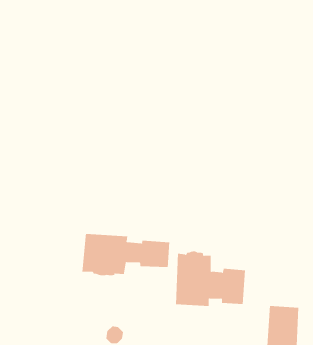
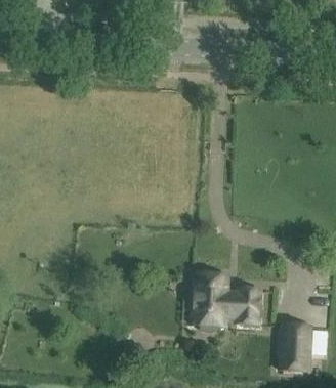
building: [82,233,170,276] -> none

